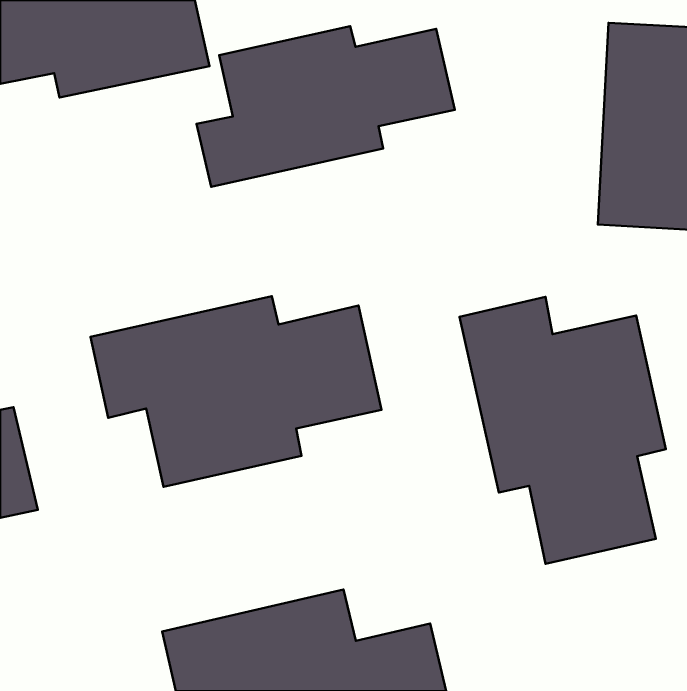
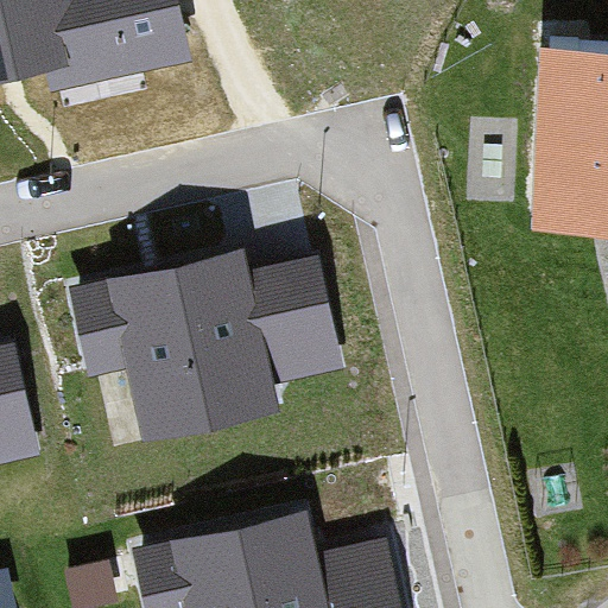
building: [196,26,455,187] -> none
building: [459,297,666,564] -> none

